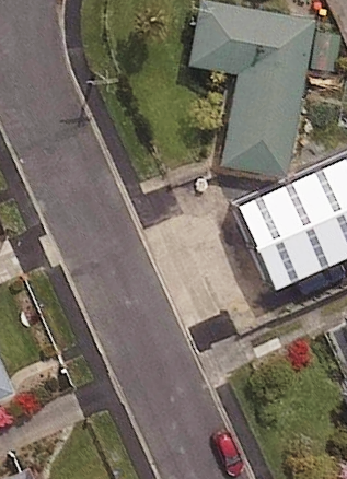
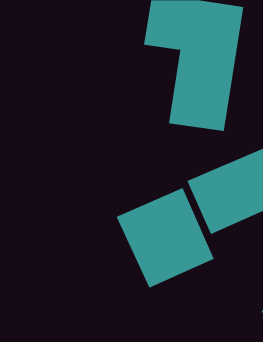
building: none -> [116,187,215,289]

